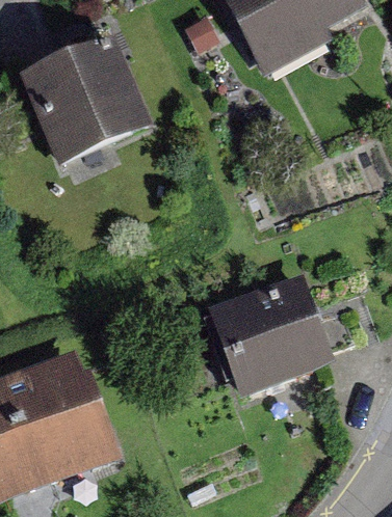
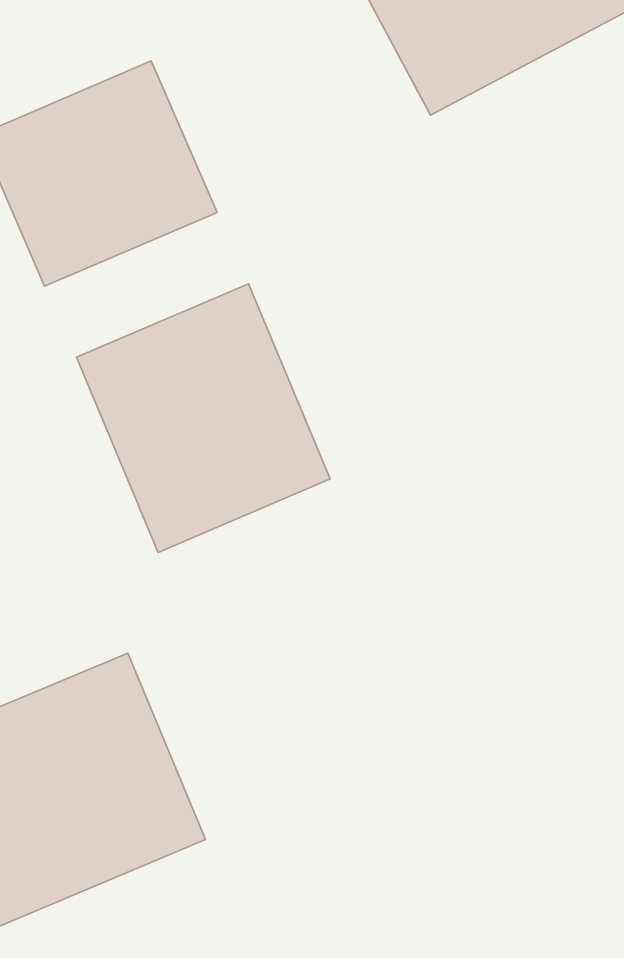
building: none -> [76,284,330,552]
building: [225,276,347,402] -> none

